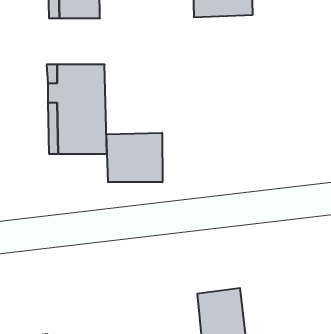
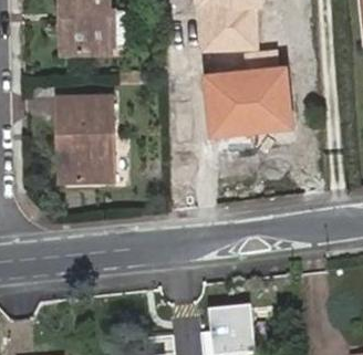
building: none -> [206,69,291,134]
building: [106,133,162,182] -> none

